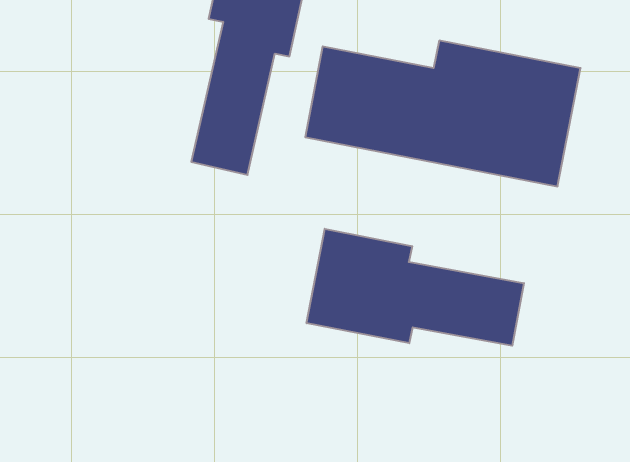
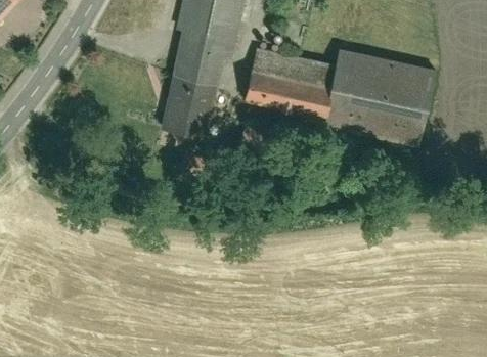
building: [307,229,524,346] -> none

